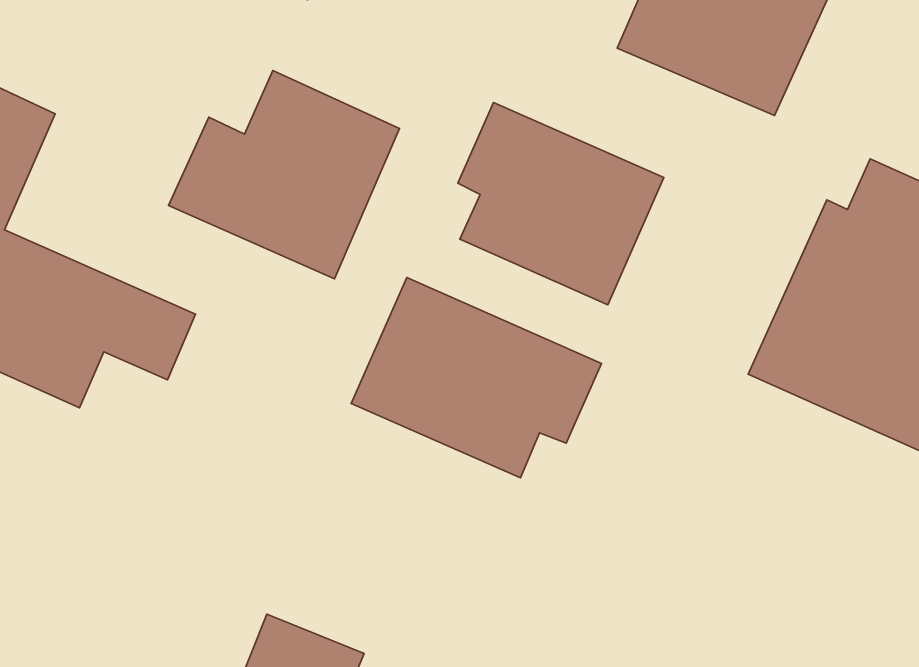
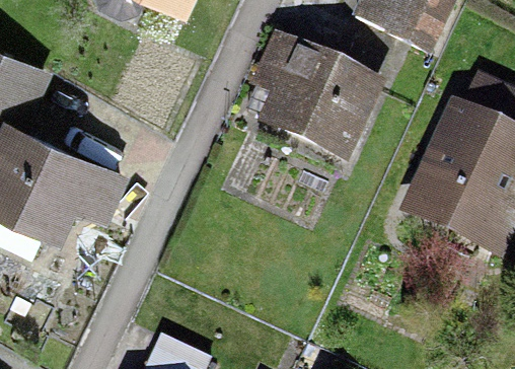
building: [169,71,399,279] -> none
building: [351,277,601,478] -> none

